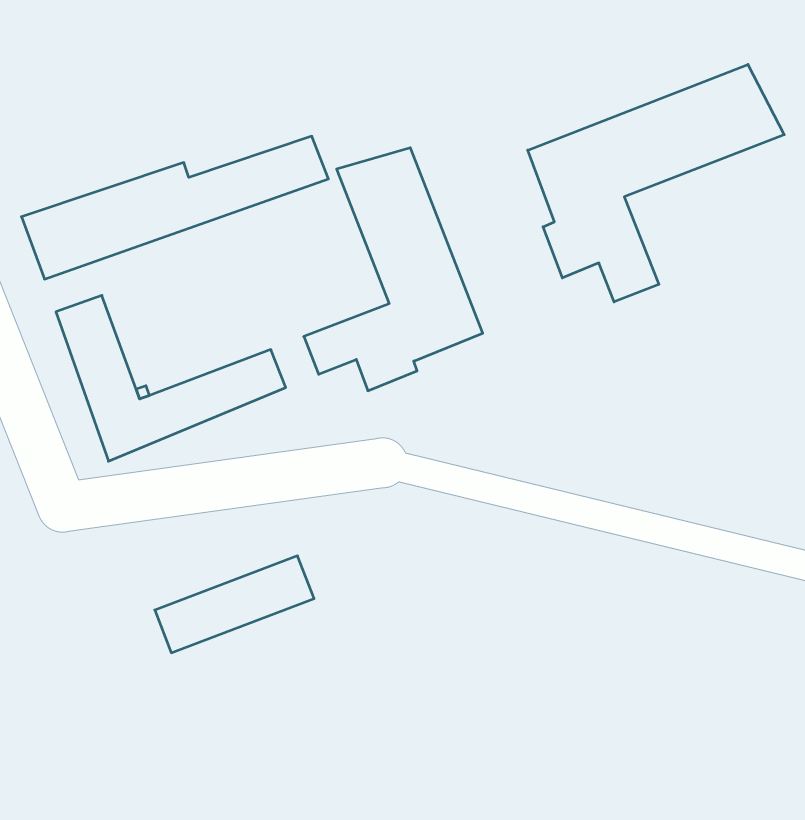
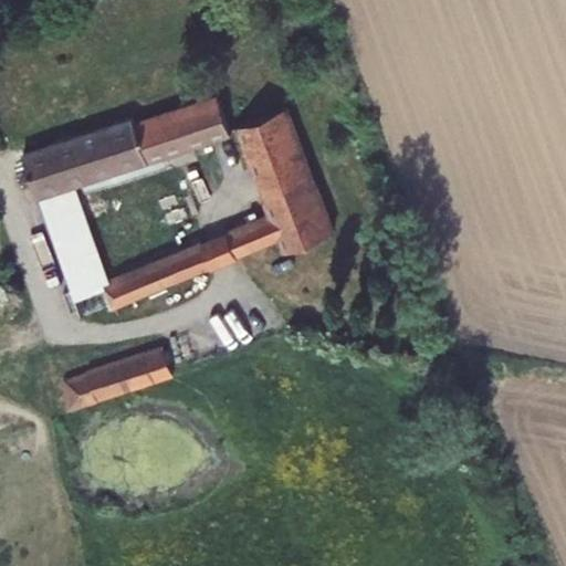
building: [528,64,784,302] -> none
building: [155,556,314,653] -> [65,348,172,413]

